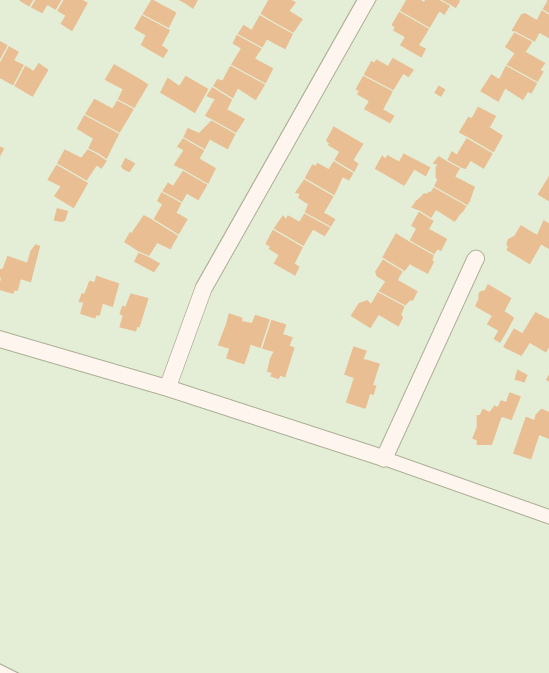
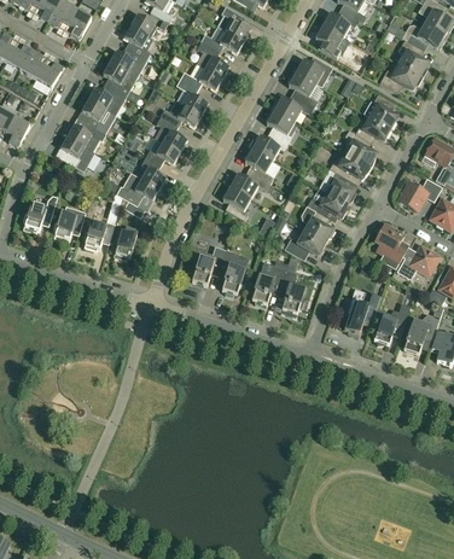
building: [159,75,210,114] -> [110,50,147,78]
building: [374,152,431,187] -> [272,97,314,122]
building: none -> [53,206,86,243]
building: none -> [251,261,287,305]
building: none -> [344,292,380,336]

